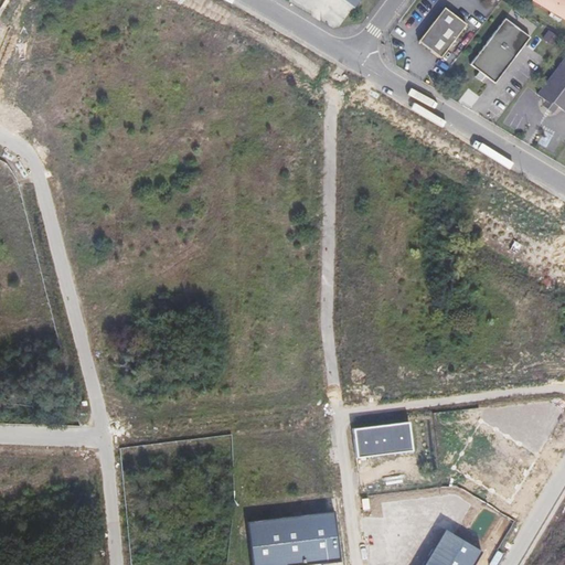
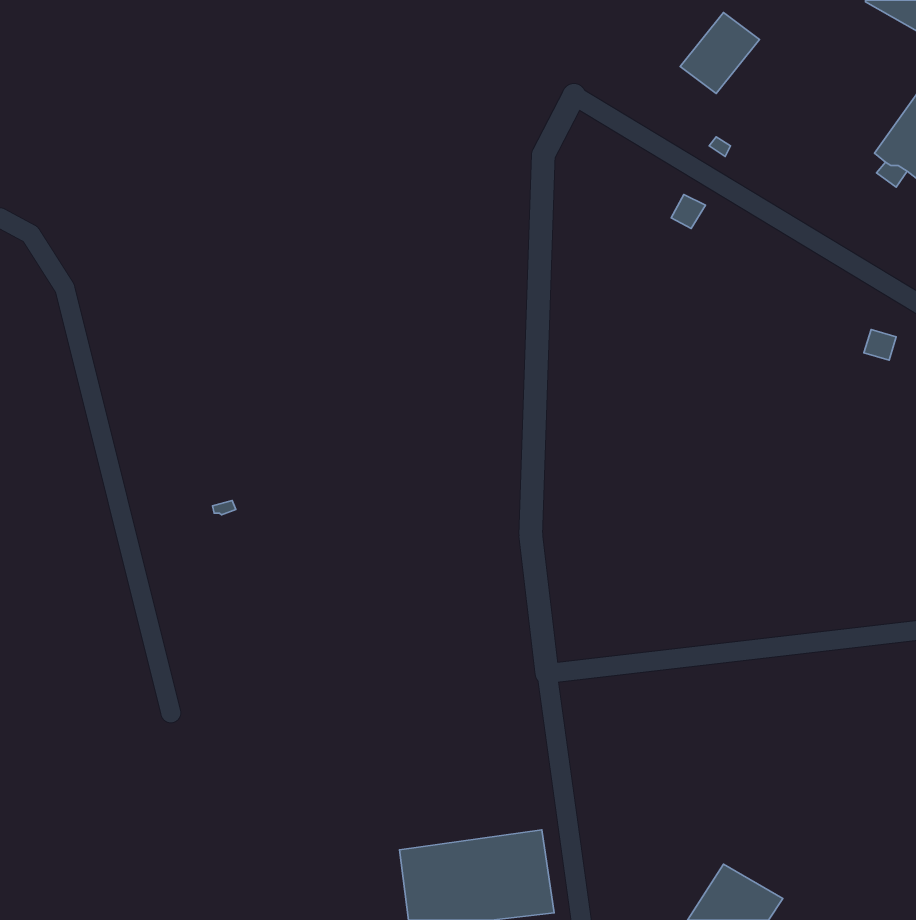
building: [471,18,532,83] -> none
building: [354,422,413,457] -> none

